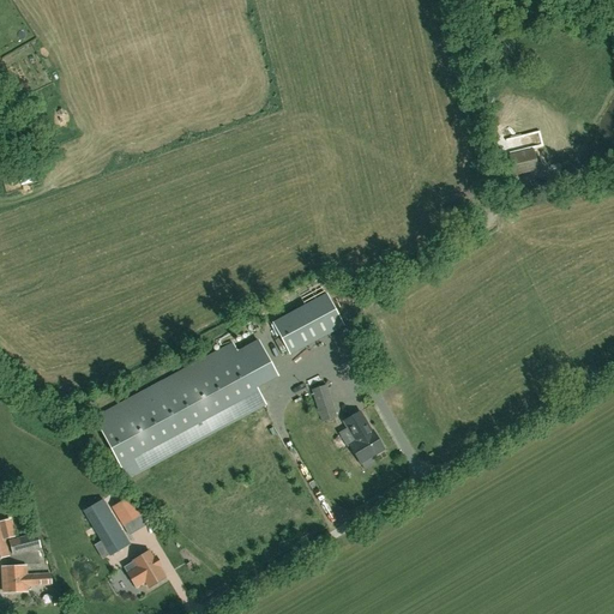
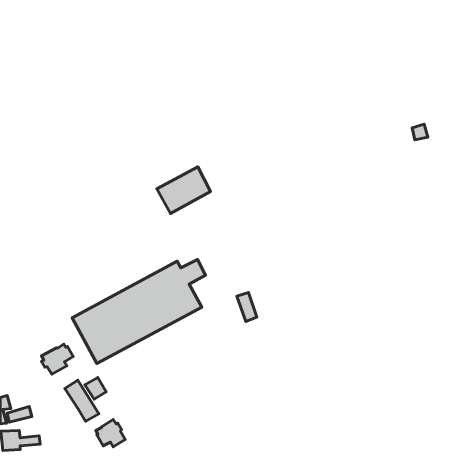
building: [511,144,538,171] -> none
building: [272,293,343,354] -> [157,167,211,213]
building: [343,411,384,463] -> none
building: none -> [41,344,73,374]

